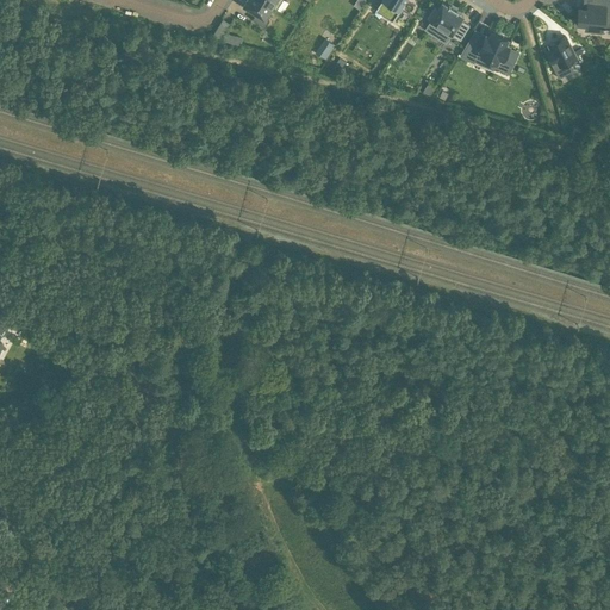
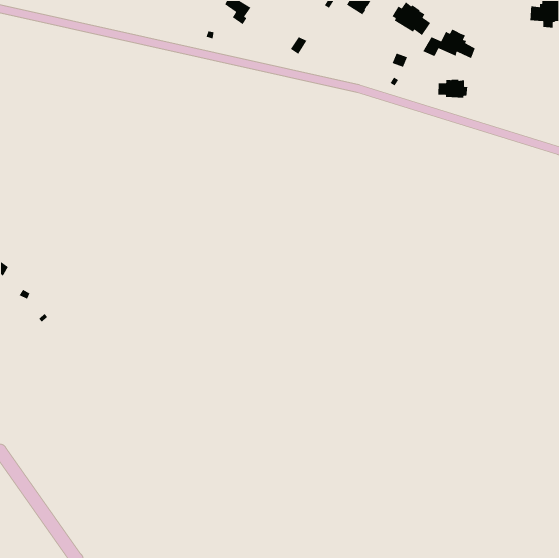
building: [547,37,577,68] -> none
building: none -> [438,79,468,99]

